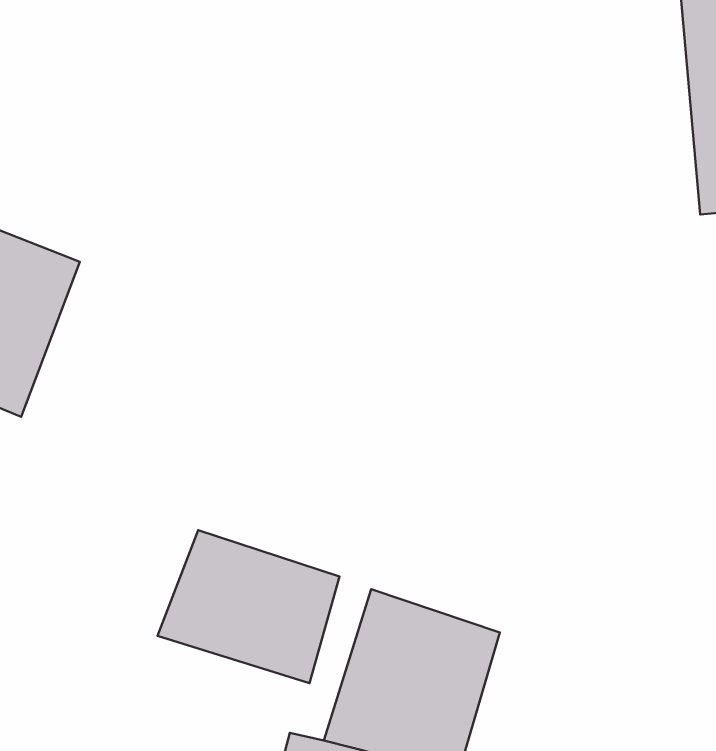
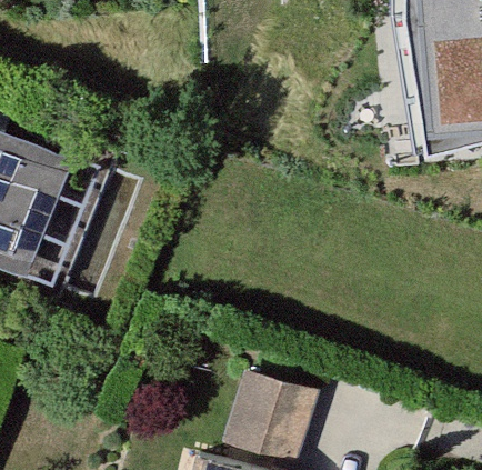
building: [157,530,339,683] -> none

